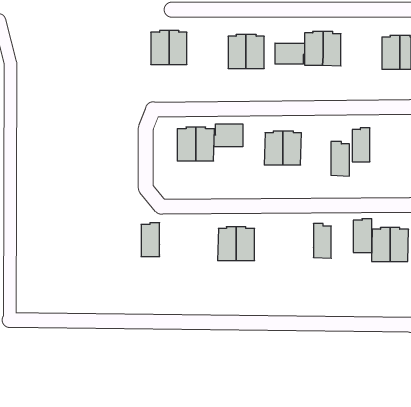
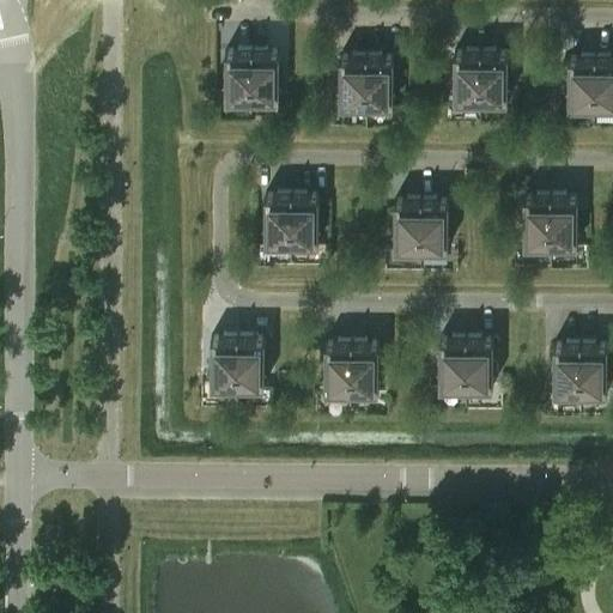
building: [275,43,305,64] -> none
building: [214,124,243,147] -> none
building: [331,142,349,176] -> [550,196,577,248]
building: [353,219,372,252] -> [438,339,466,389]
building: none -> [237,338,263,388]

